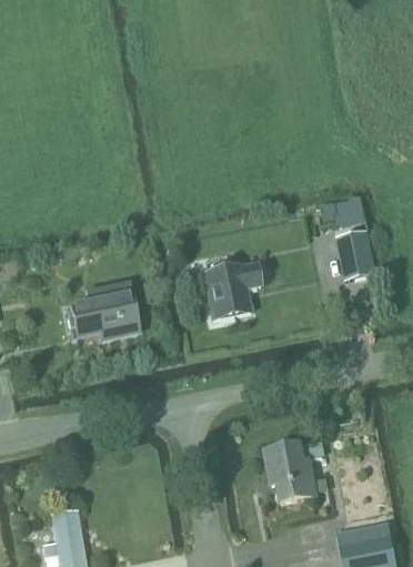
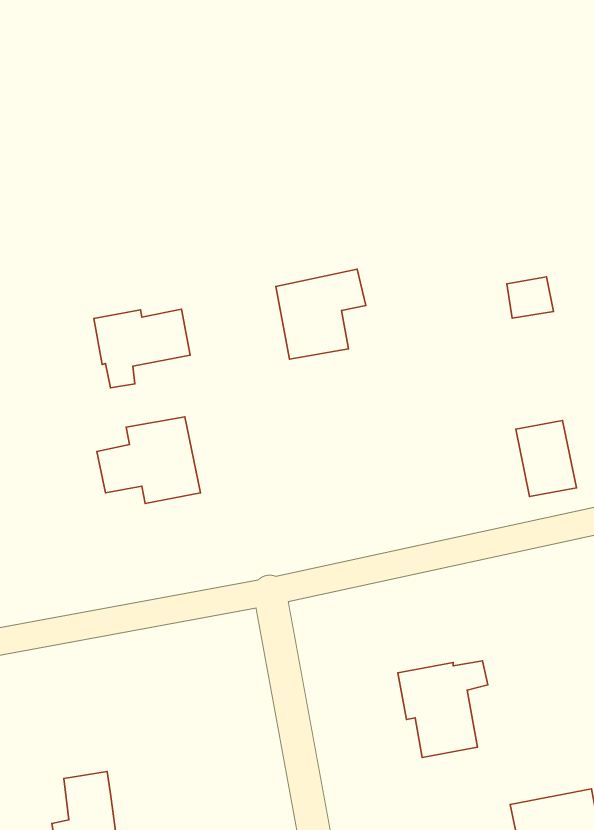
building: none -> [94,309,190,388]
building: [336,231,375,280] -> [516,420,576,496]
building: [203,262,261,320] -> [276,269,366,359]

